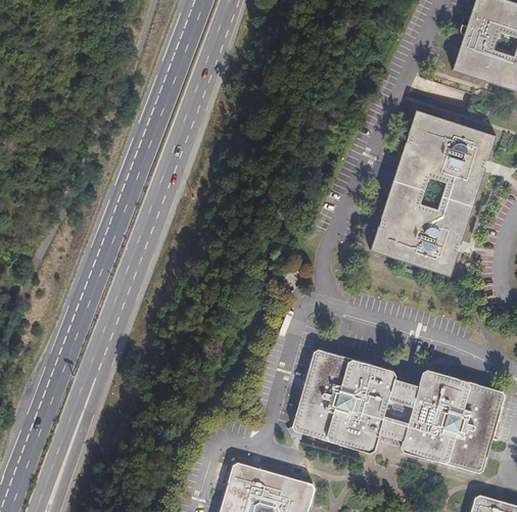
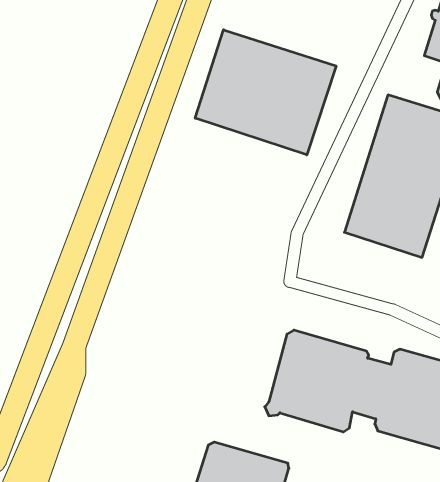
building: none -> [195,30,336,155]

